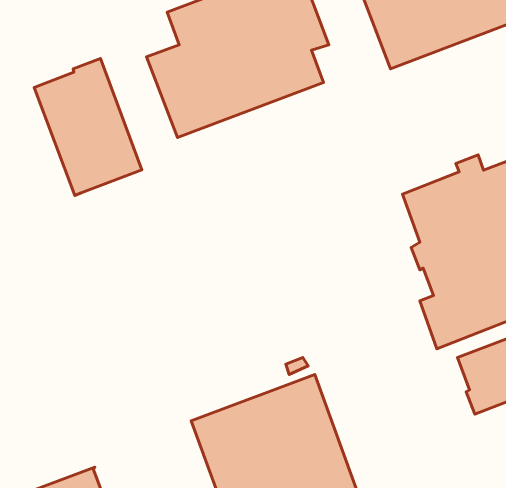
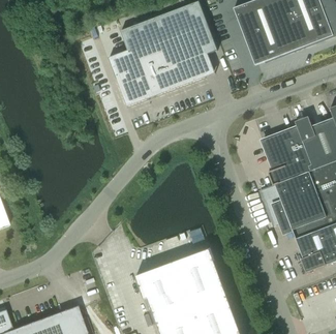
building: [34,59,142,195] -> none

